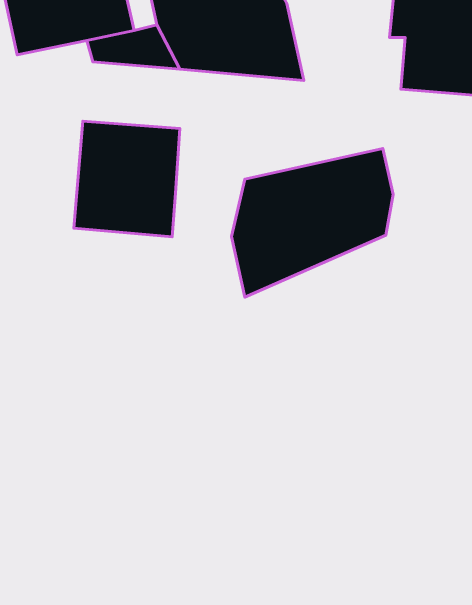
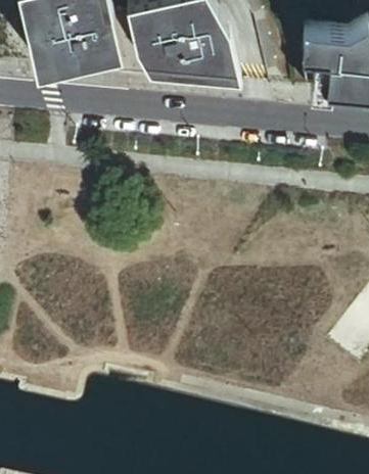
building: [74,121,180,237] -> none
building: [231,149,393,297] -> none

